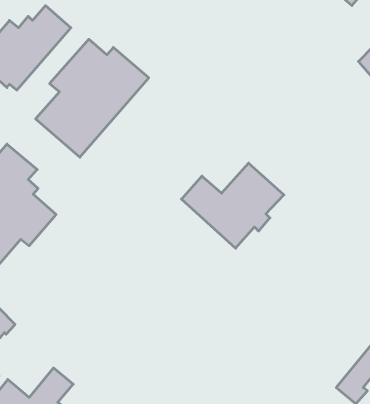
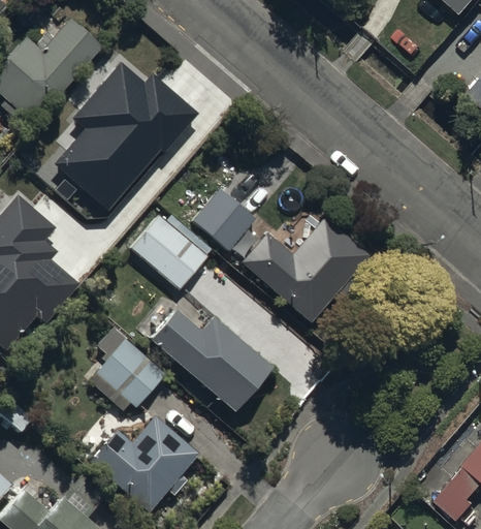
building: none -> [129,191,254,288]
building: none -> [151,309,272,411]
building: none -> [89,334,169,410]
building: none -> [89,414,198,512]

